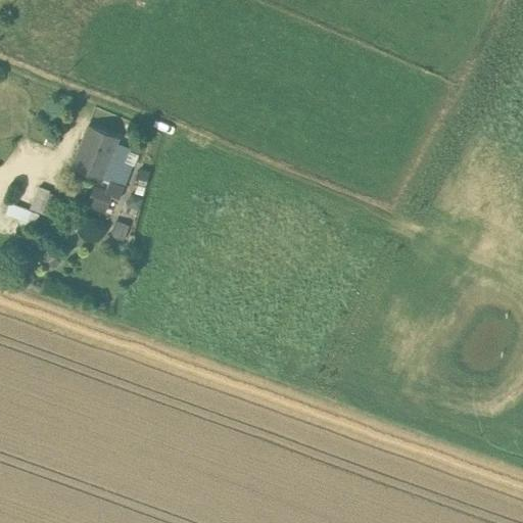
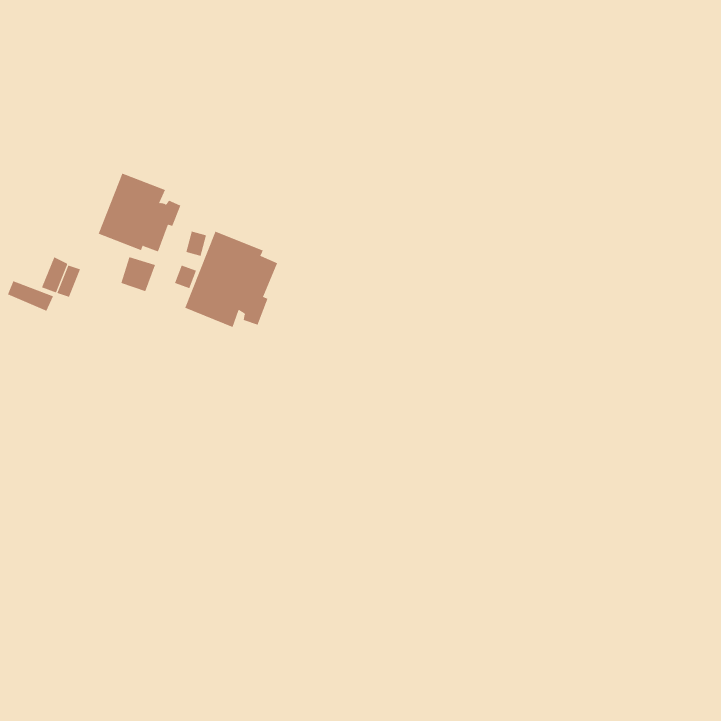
building: none -> [185,231,278,328]

